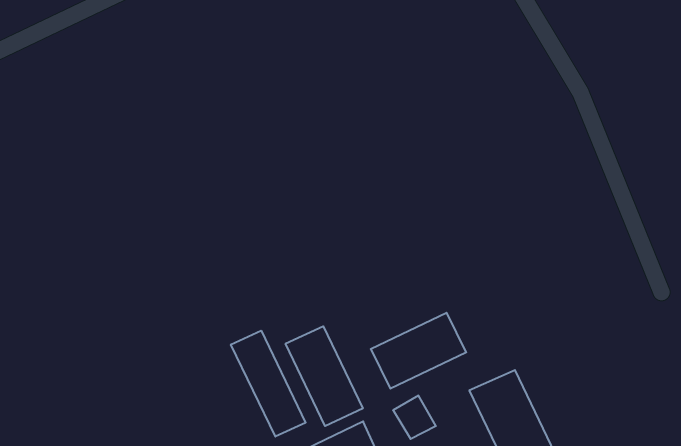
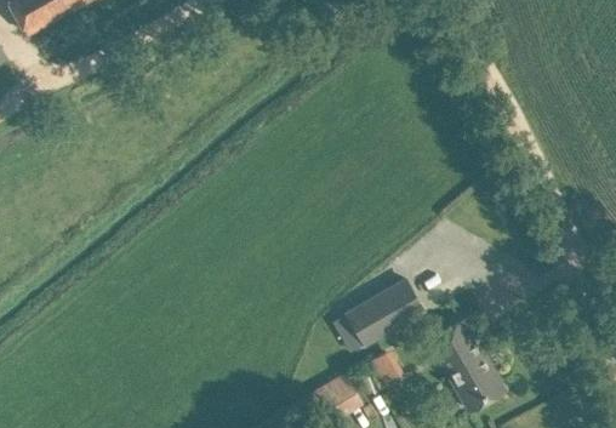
building: [286,326,363,426] -> none
building: [231,331,306,437] -> none

